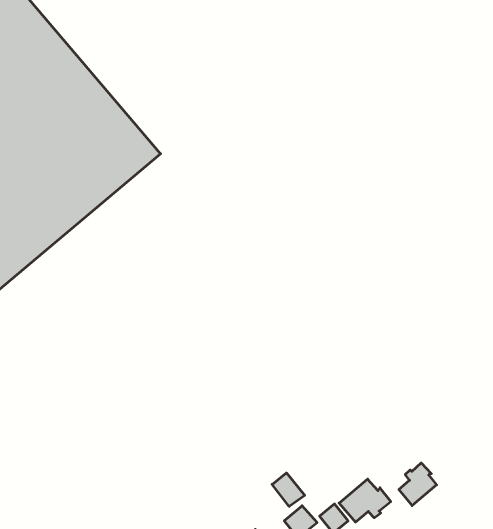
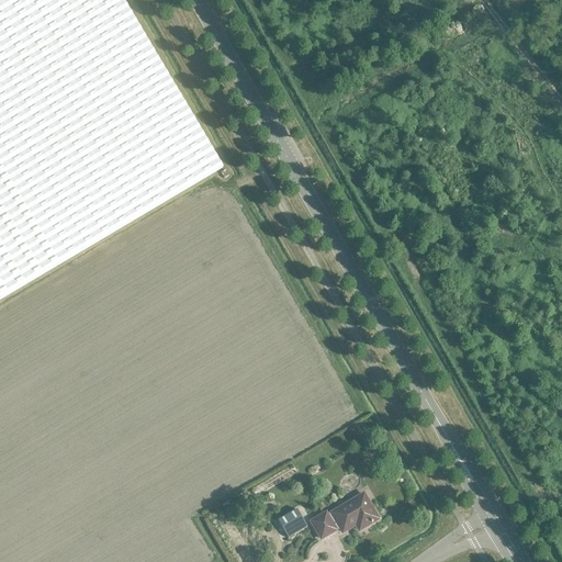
building: [399,463,437,506] -> none
building: [272,473,305,506] -> none

